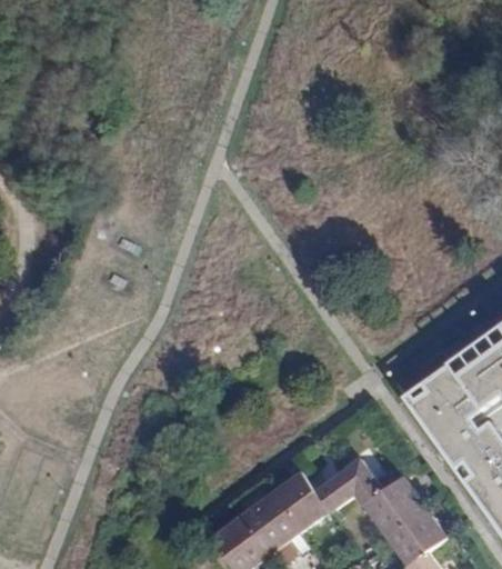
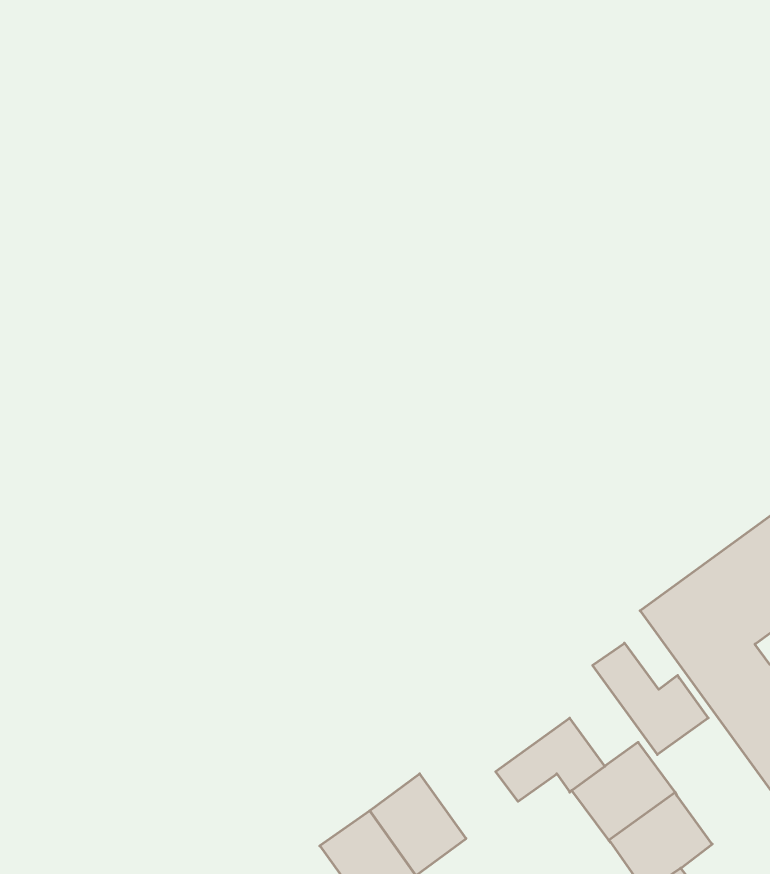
building: none -> [593,643,708,755]
building: [272,469,331,530] -> none

